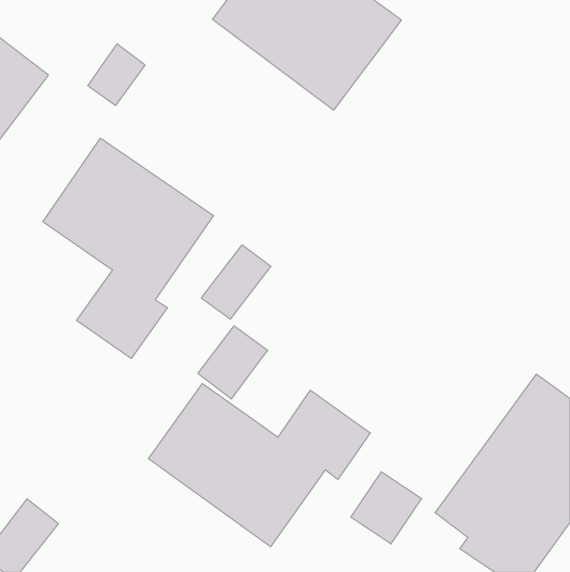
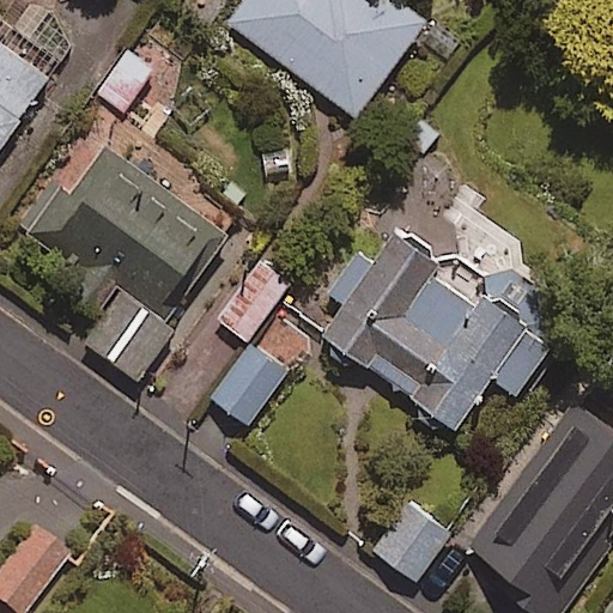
building: none -> [306,221,550,431]
building: [148,383,370,547] -> none

